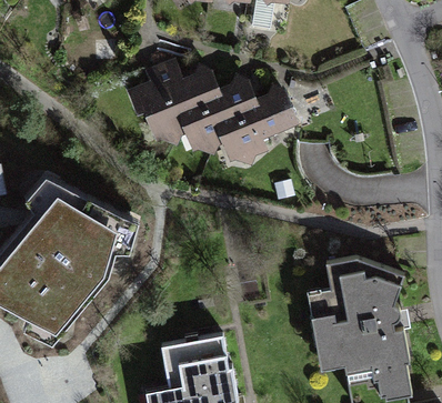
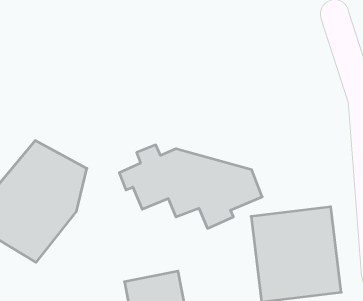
building: [130,71,295,168] -> [119,145,262,228]

